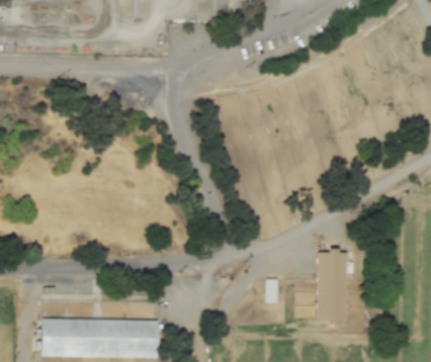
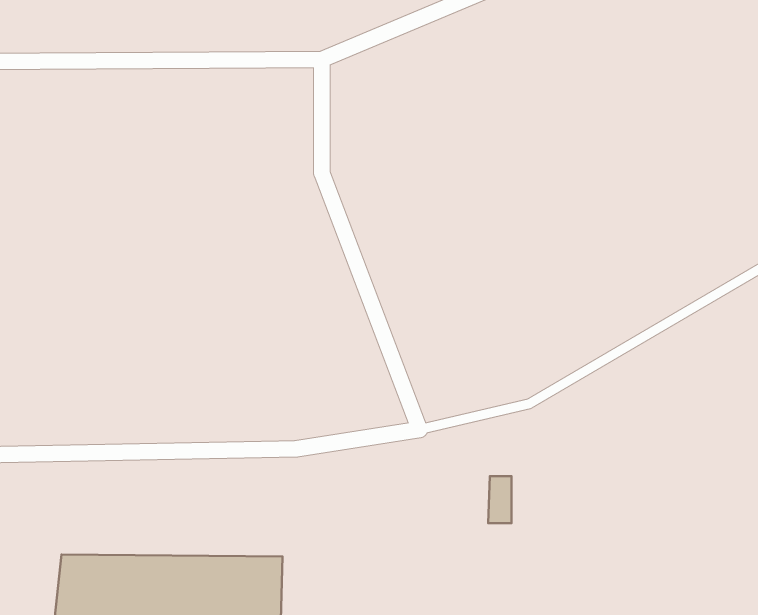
building: [317,247,345,320] -> none

